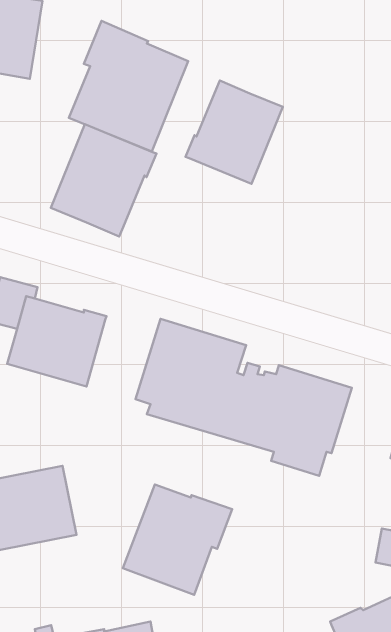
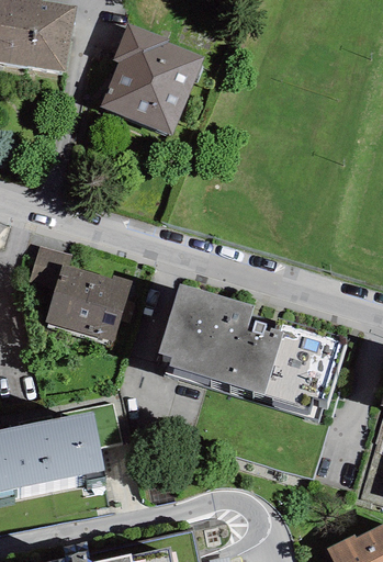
building: [186,81,283,184] -> none
building: [51,124,156,236] -> none
building: [123,485,232,595] -> none

